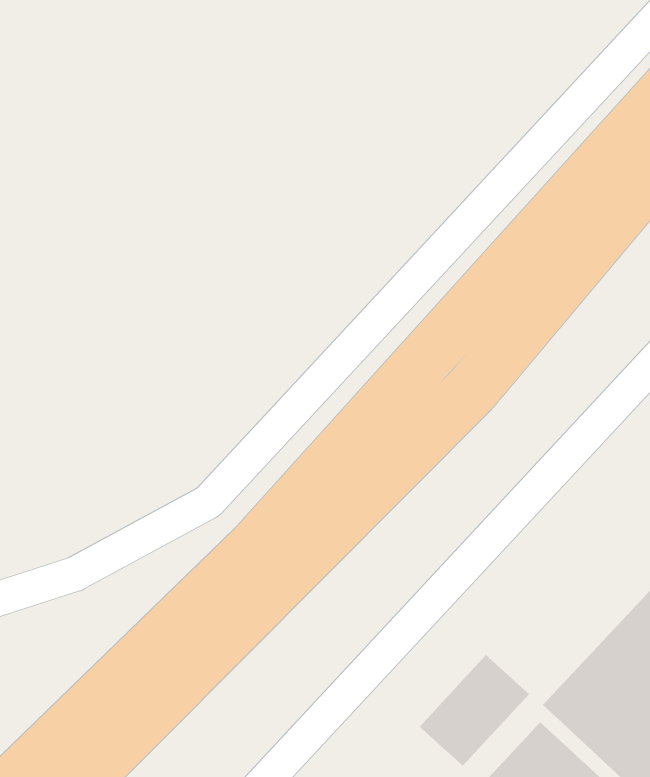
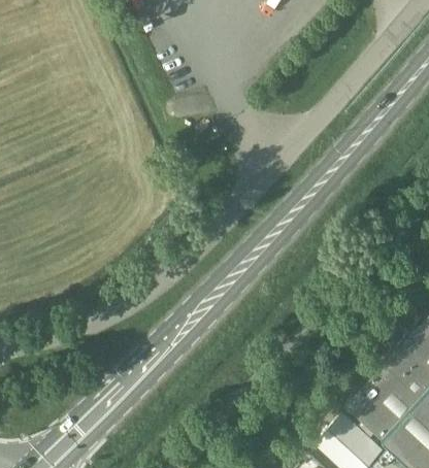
building: [419,654,530,767] -> none

